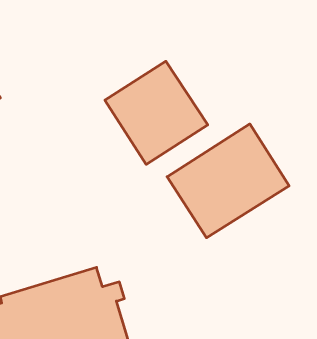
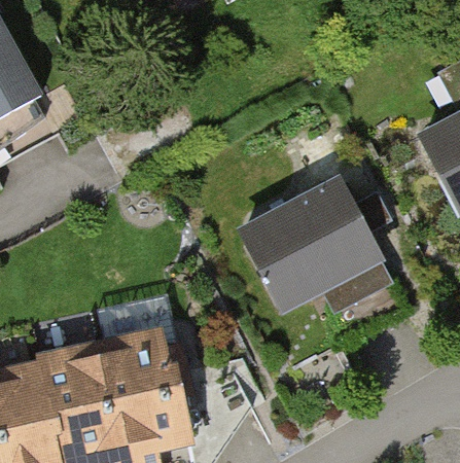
building: [105,61,208,164] -> none

